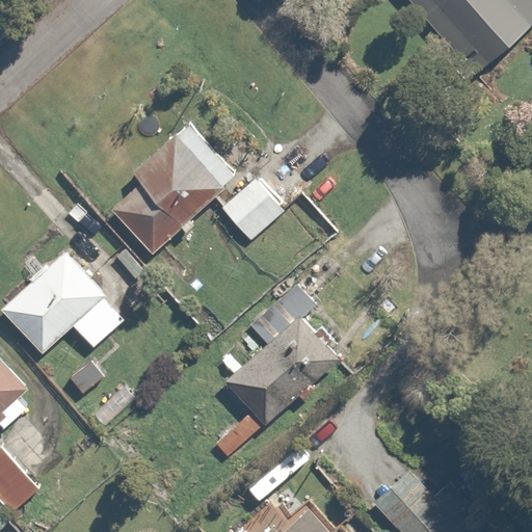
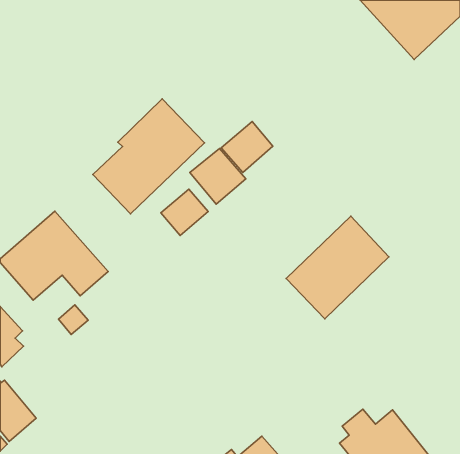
building: none -> [221,122,273,172]
building: none -> [161,189,208,236]
building: [220,311,339,429] -> [286,216,389,319]

